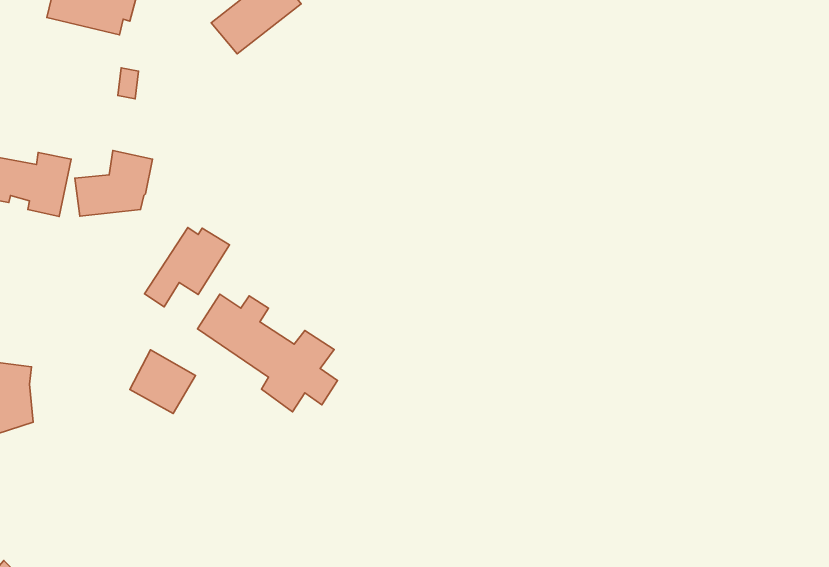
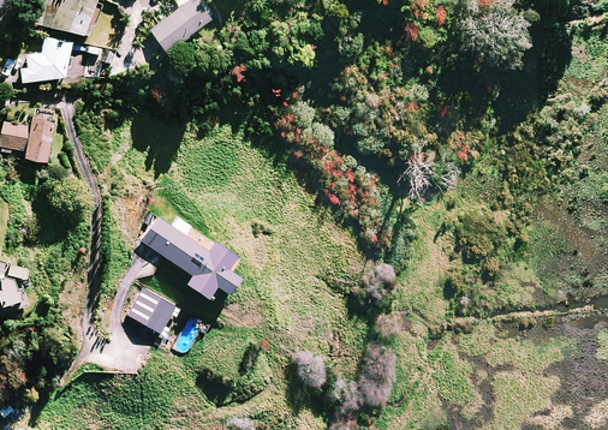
building: [75,151,153,216] -> [18,36,72,82]
building: [145,227,229,307] -> none
building: [130,350,196,414] -> [130,288,175,333]

